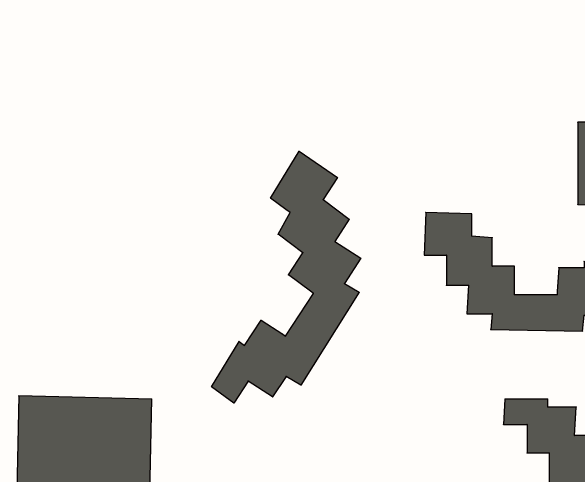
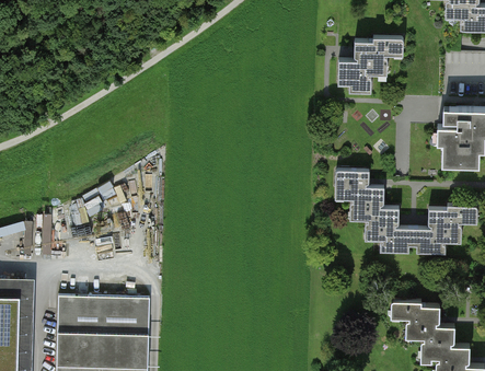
building: none -> [338,38,405,93]
building: [212,151,361,403] -> none

